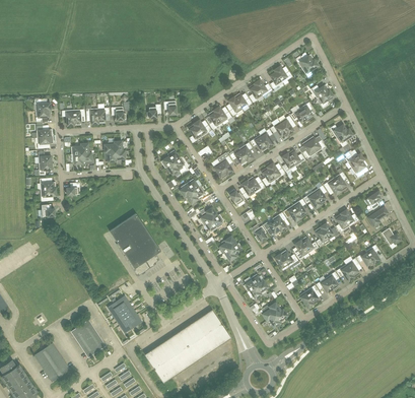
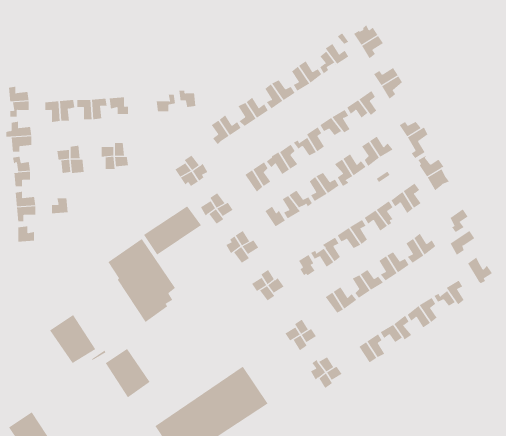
building: none -> [143,206,202,256]
building: [70,319,106,356] -> [49,314,96,364]

